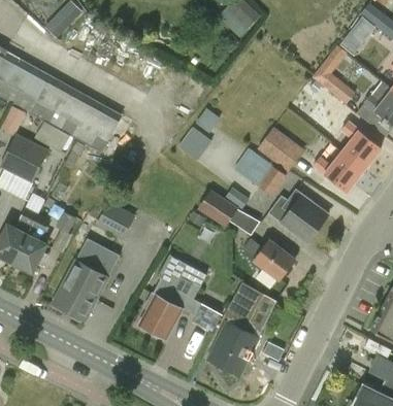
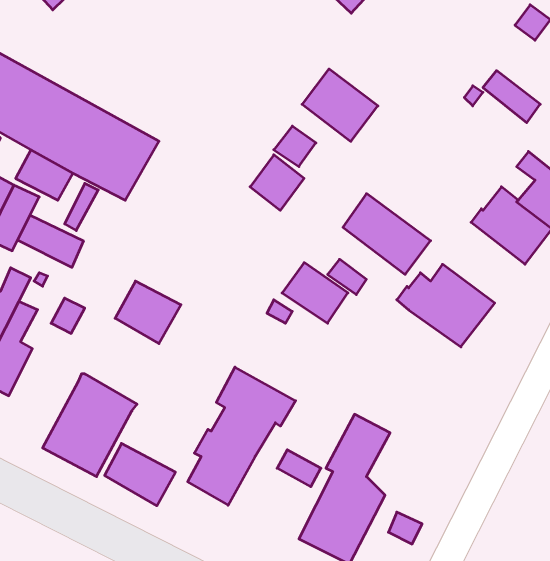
building: [258,128,304,172] -> [302,69,378,141]
building: none -> [18,215,83,267]
building: [77,239,121,277] -> [105,443,175,506]
building: [243,239,295,279] -> none

